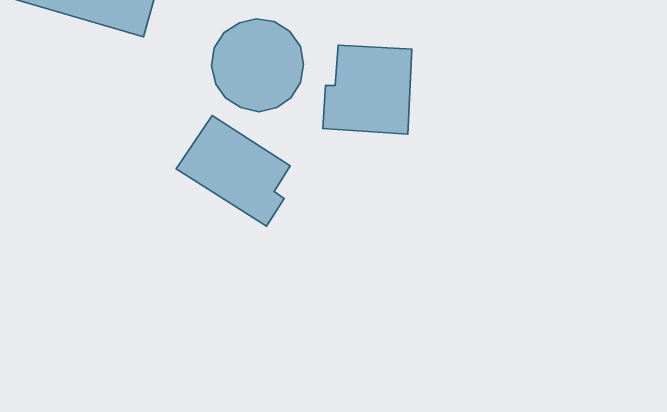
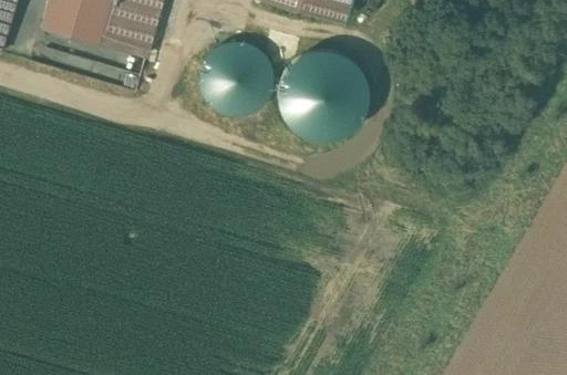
building: [176,116,290,226] -> none

